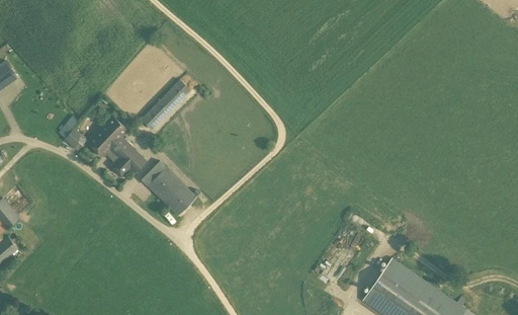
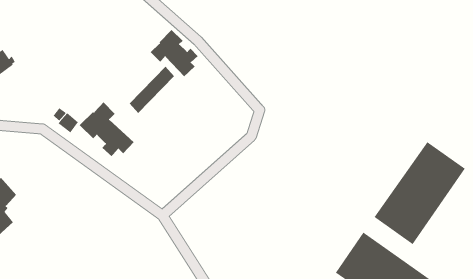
building: none -> [150,29,199,77]
building: none -> [374,141,466,245]
building: [141,161,197,217] -> none

